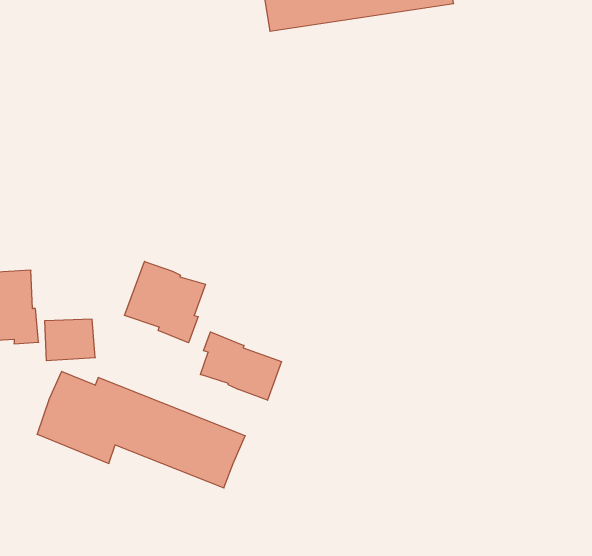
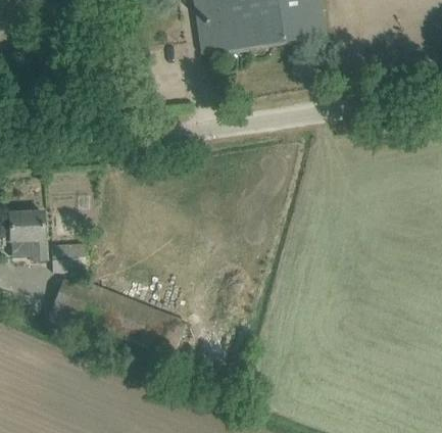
building: [124,261,205,343] -> none
building: [200,332,282,400] -> none

